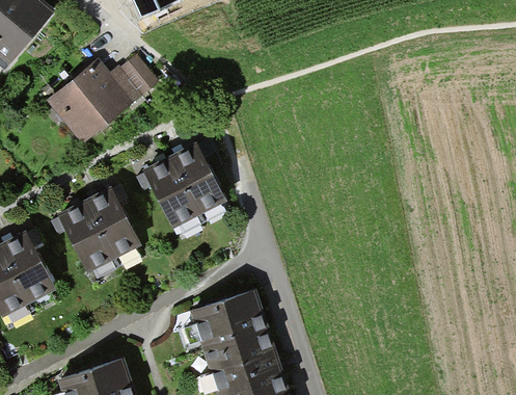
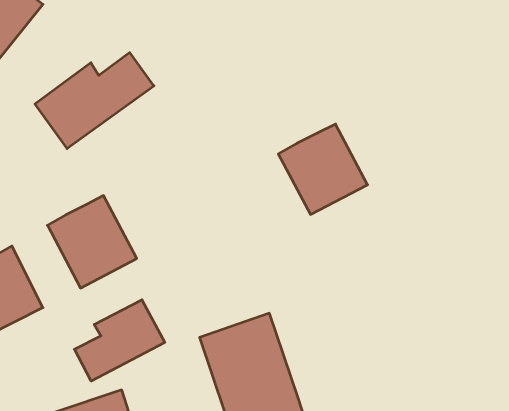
building: [142,143,223,226] -> [278,124,368,214]
building: none -> [74,300,165,381]

